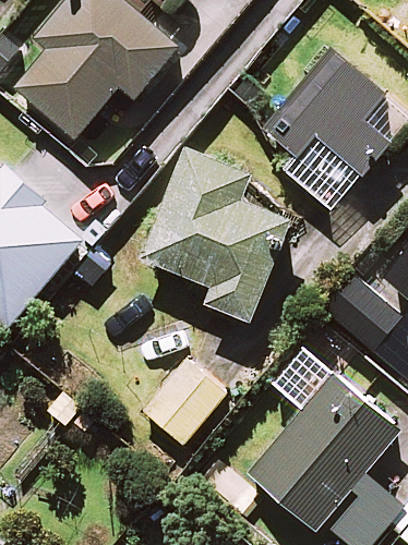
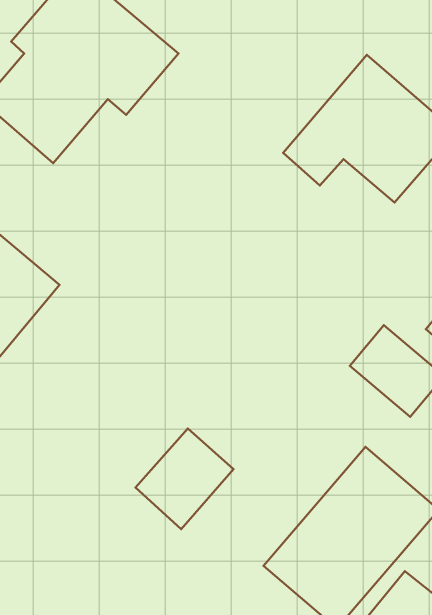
building: [141,149,291,320] -> none

